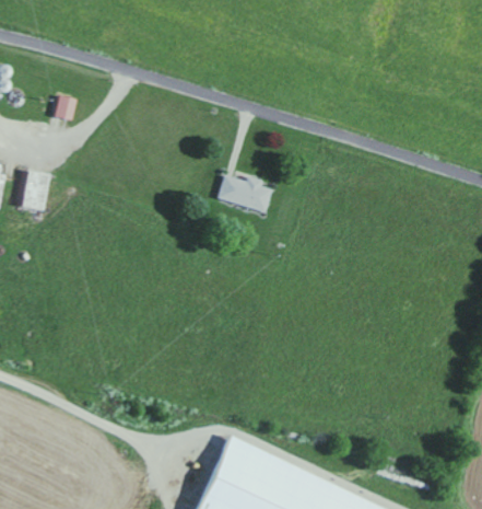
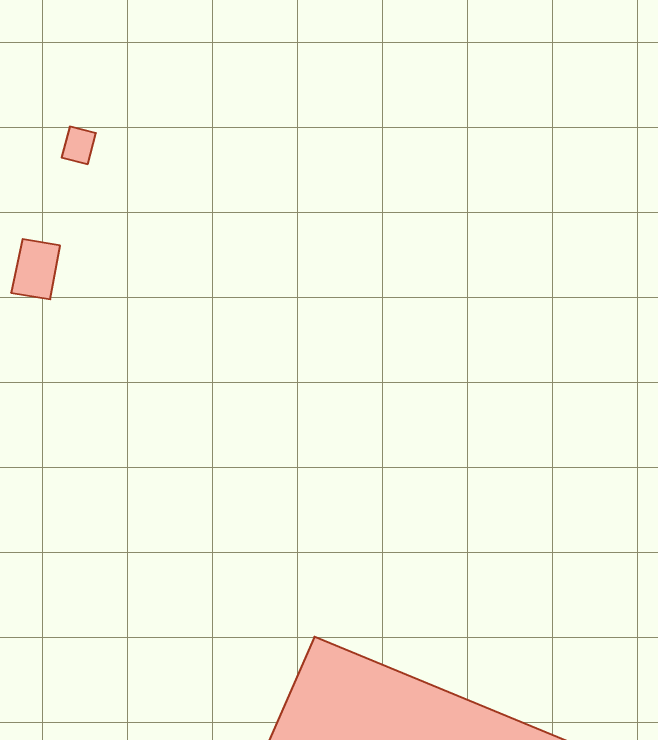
building: [216,175,271,212] -> none

